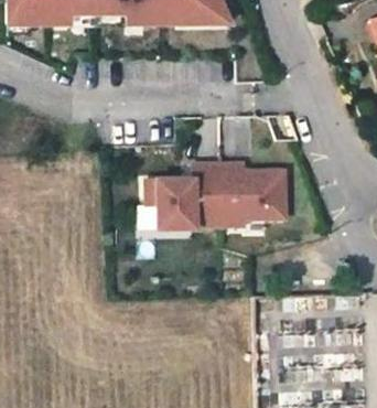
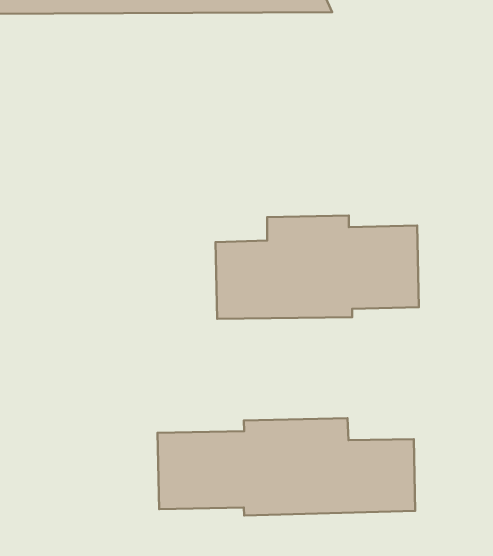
building: none -> [158,418,415,515]

